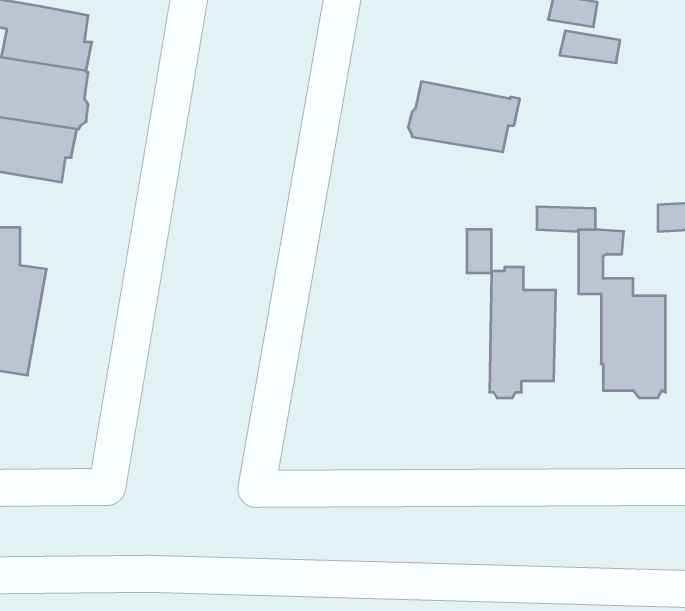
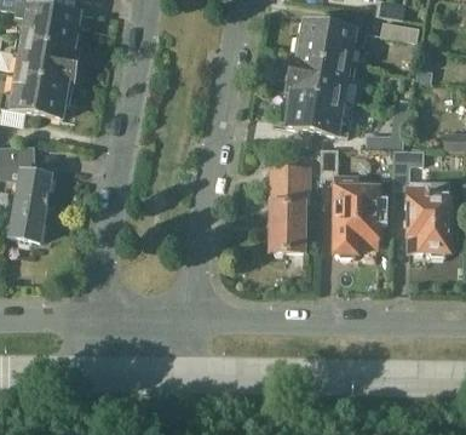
building: none -> [293,19,366,64]
building: none -> [283,88,353,136]
building: none -> [269,165,305,254]

